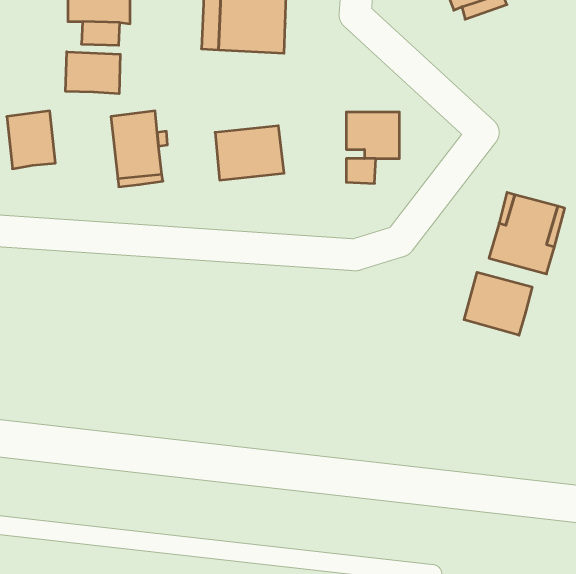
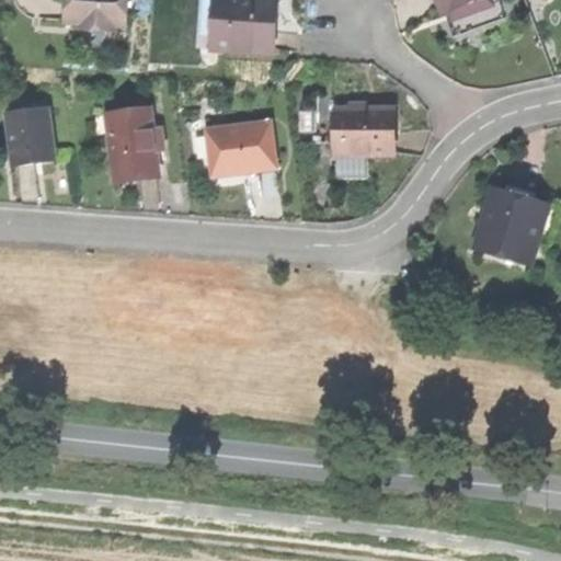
building: [66,52,120,94] -> none
building: [464,272,532,335] -> none

